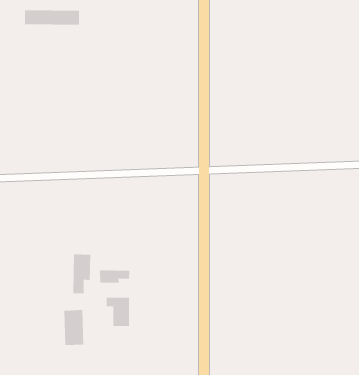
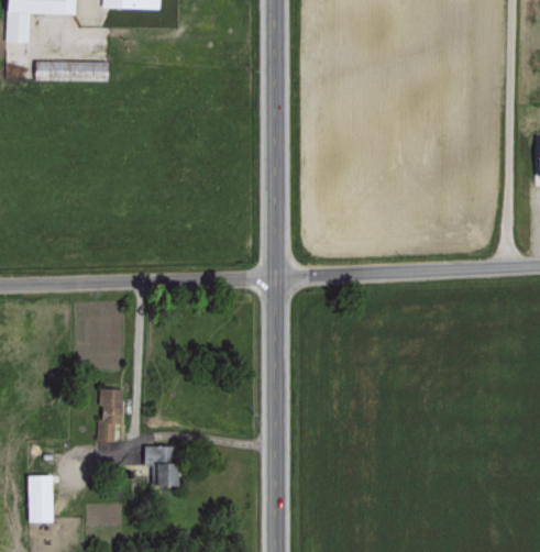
building: [100,269,130,284] -> none
building: [64,310,84,346] -> [26,474,54,522]

